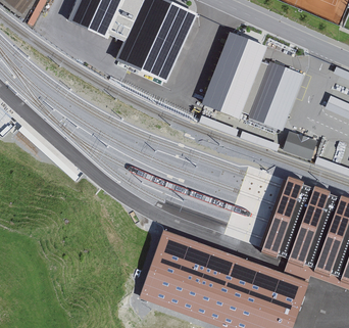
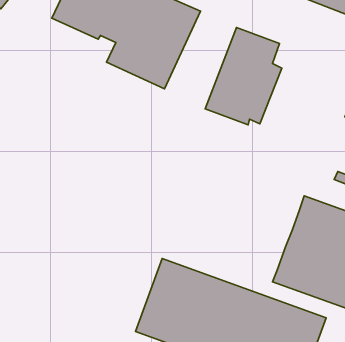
building: [248,61,301,130] -> none
building: [282,131,316,160] -> none

